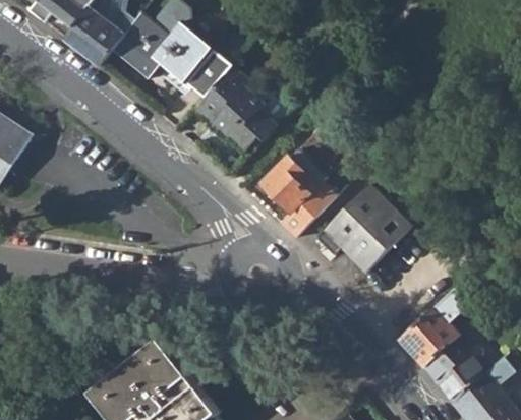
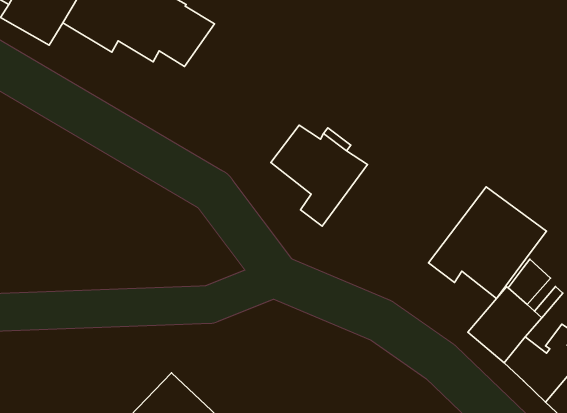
building: [192,66,276,151] -> none
building: [314,183,411,273] -> [429,187,546,299]

